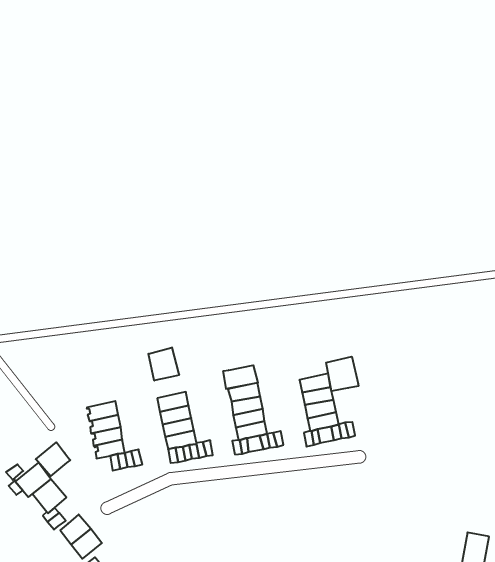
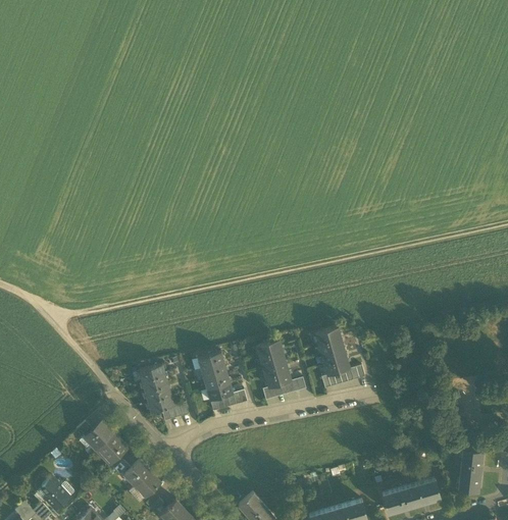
building: [148,347,179,381] -> none
building: [326,357,358,391] -> none
building: [223,365,258,389] -> none
building: [36,442,70,476] -> none

